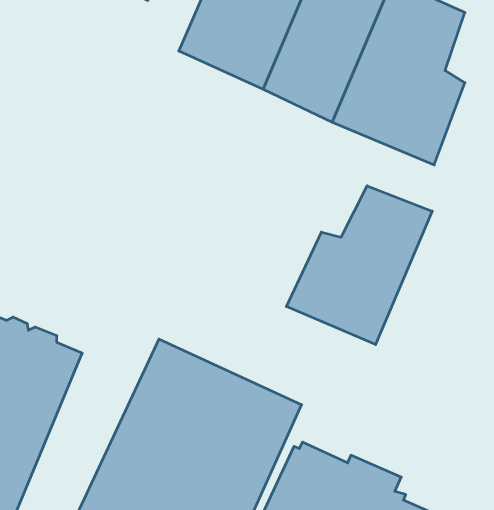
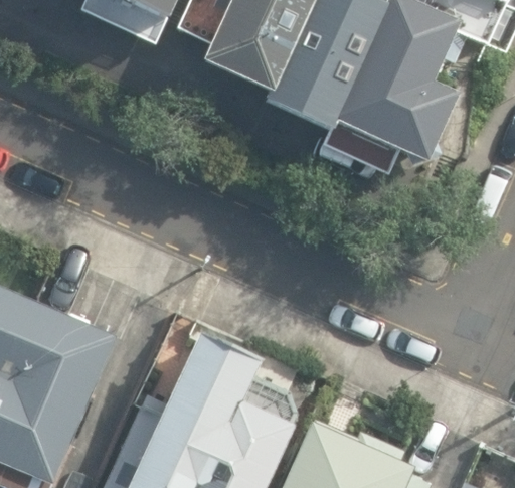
building: [286,186,432,345] -> none

